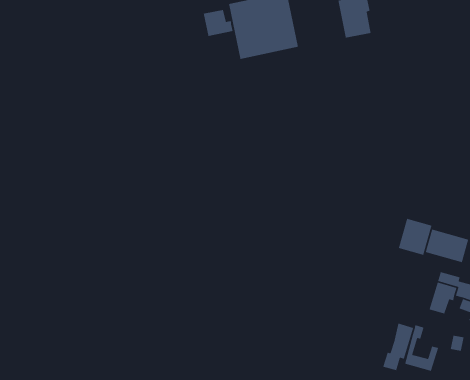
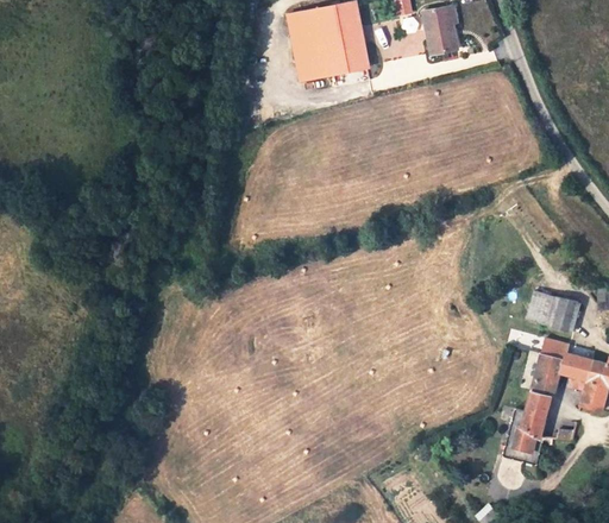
building: [203,9,234,37] -> none
building: [398,218,432,256] -> none
building: [382,323,414,371] -> [511,390,551,449]

